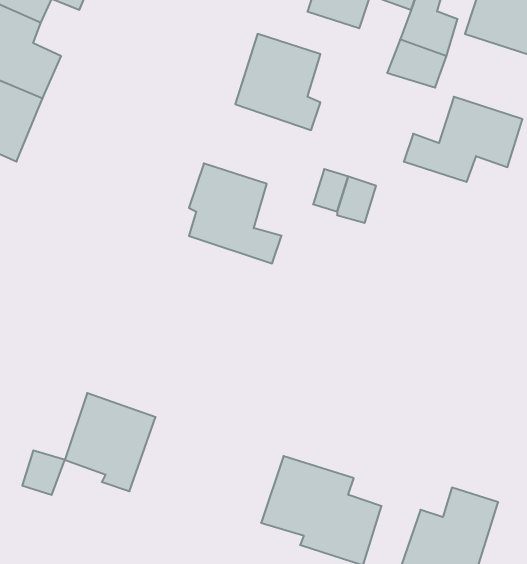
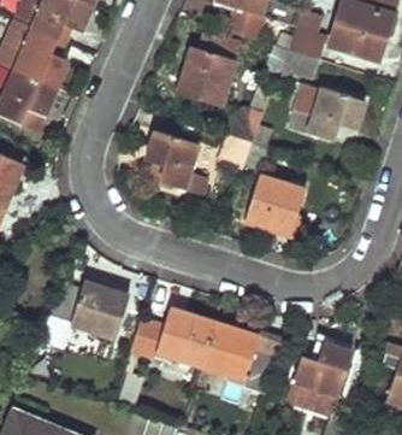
building: none -> [248,177,308,233]
building: none -> [129,307,209,365]

